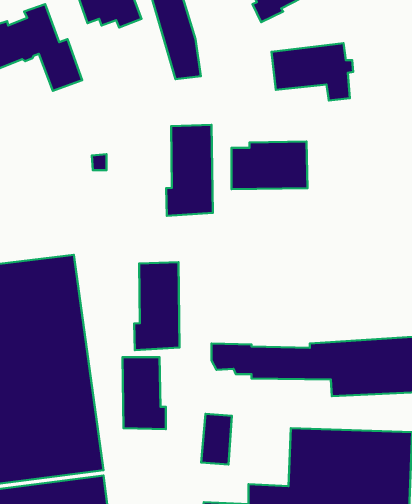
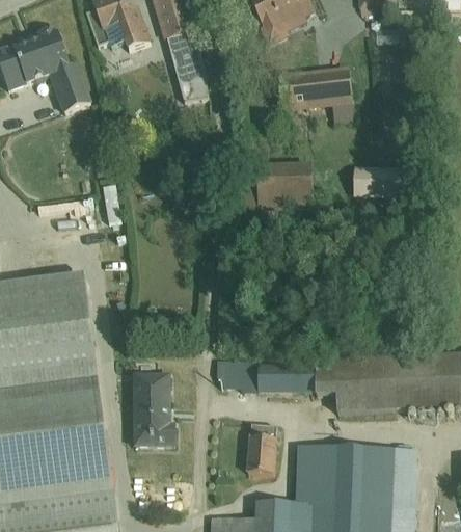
building: [166,125,213,216] -> none
building: none -> [357,168,401,195]
building: [134,262,180,350] -> none
building: [201,414,232,464] -> [247,423,277,473]

